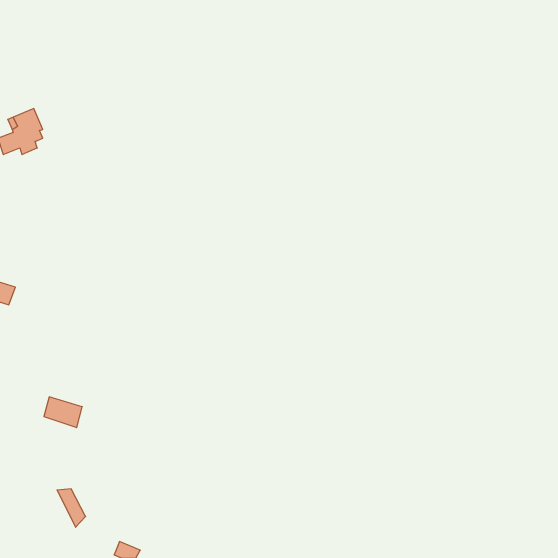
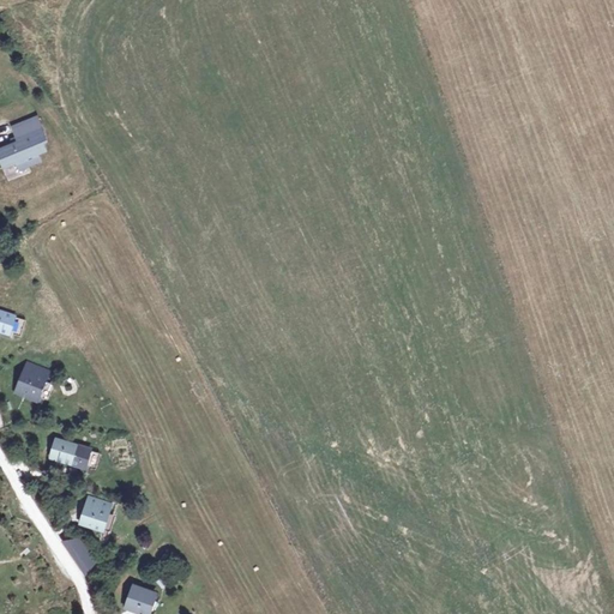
building: none -> [12,357,56,401]
building: none -> [74,500,110,535]

